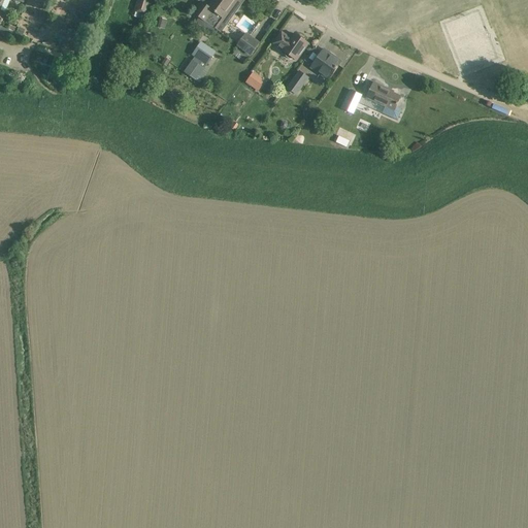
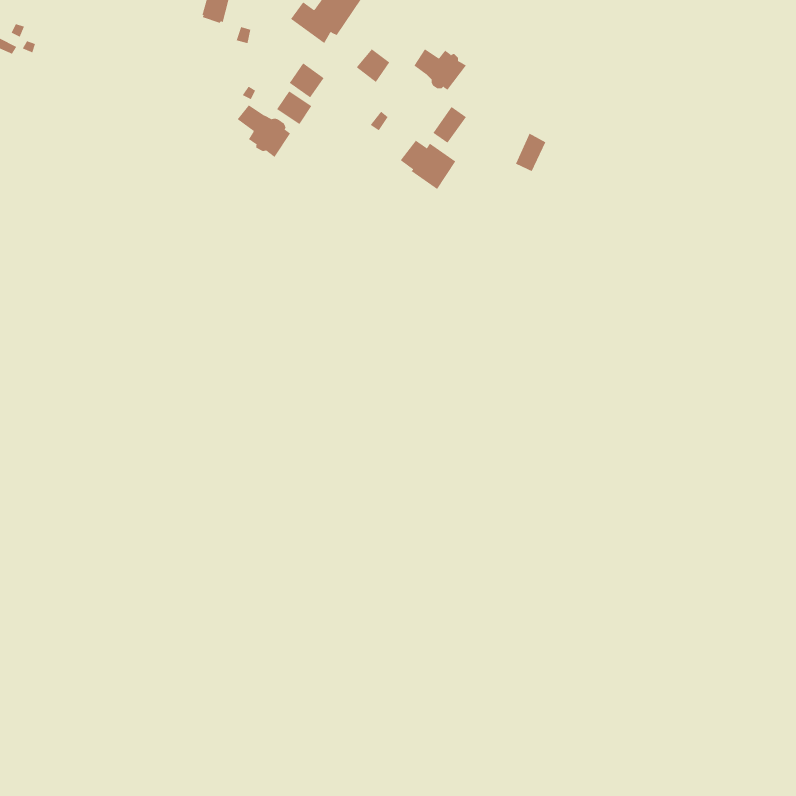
building: [303,46,340,79] -> [400,140,456,190]
building: none -> [237,105,291,158]
building: [366,82,401,120] -> none

